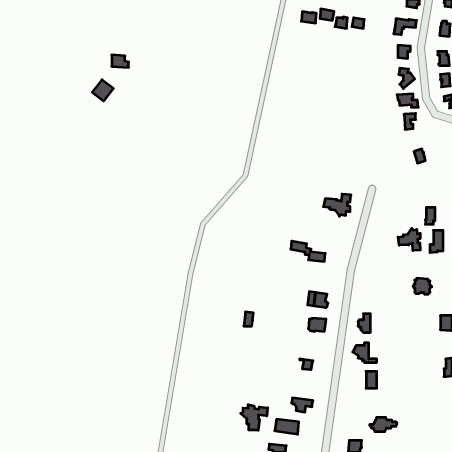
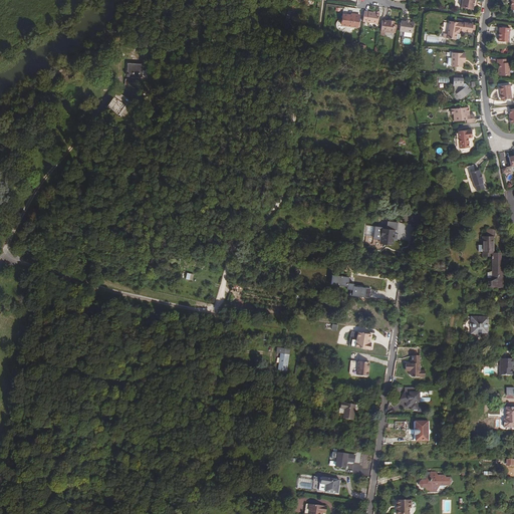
building: [398,228,420,251] -> none
building: [241,405,268,430] -> none

